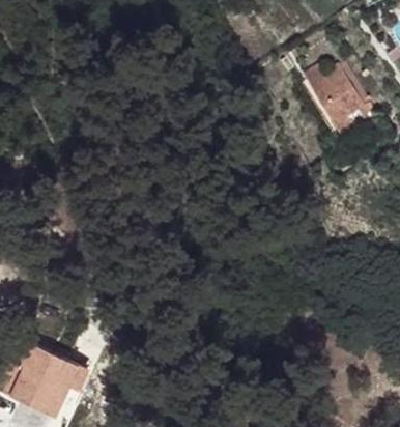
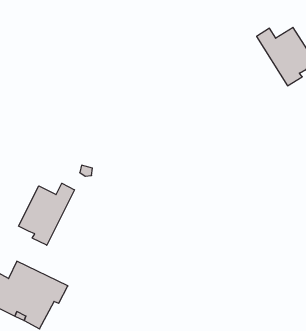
building: none -> [19,183,74,245]

